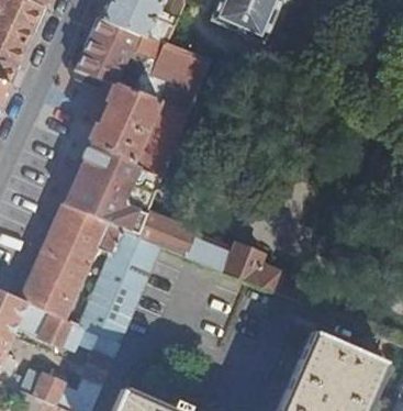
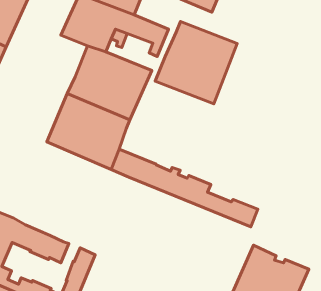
building: none -> [155,21,237,104]
building: [18,201,161,342] -> none

